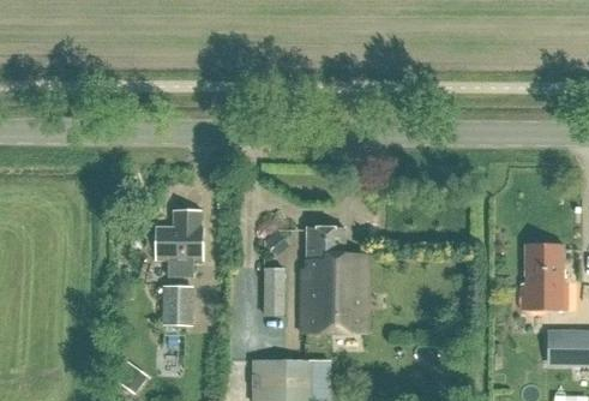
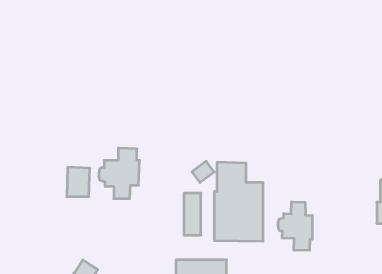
building: none -> [278,202,312,250]
building: [161,286,192,325] -> [67,167,90,197]

